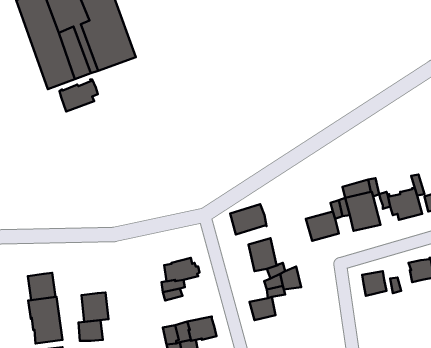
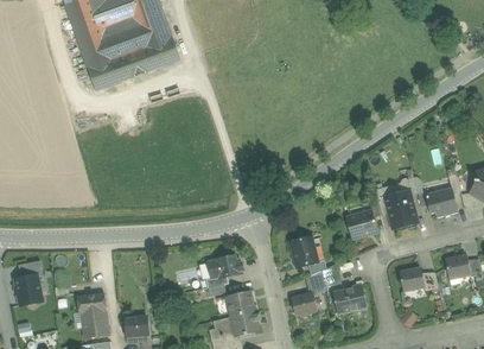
building: [60,79,98,111] -> none
building: [230,204,267,235] -> none
building: [28,273,56,300] -> none
building: none -> [332,284,365,313]
building: [81,293,109,322] -> none
building: none -> [225,290,254,316]

